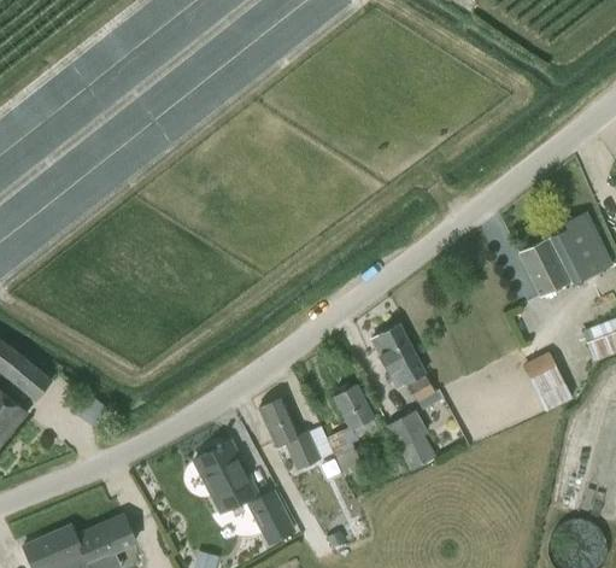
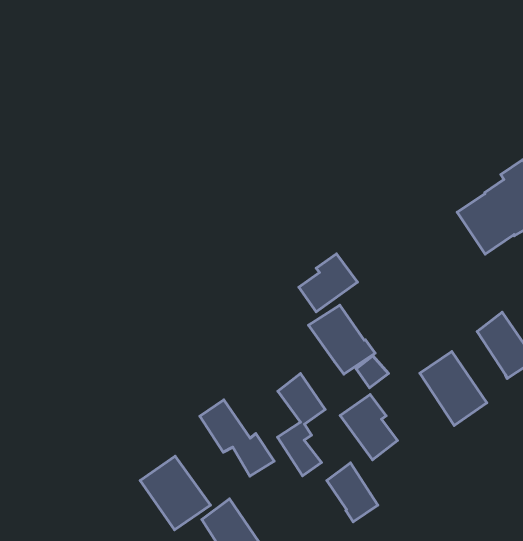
building: none -> [299,254,358,312]
building: none -> [420,352,487,425]
building: none -> [327,463,378,522]

